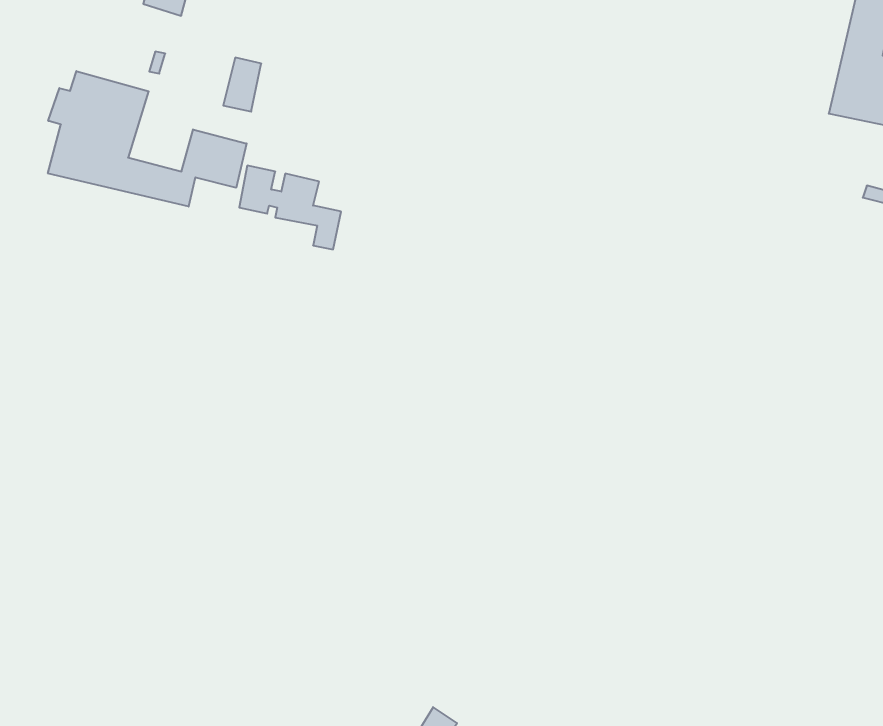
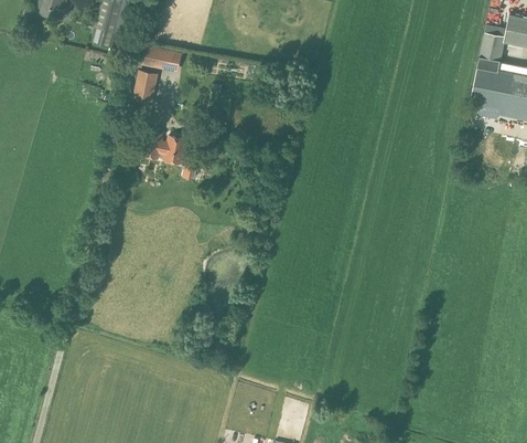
building: none -> [142,48,181,67]
building: [48,71,247,207] -> none

